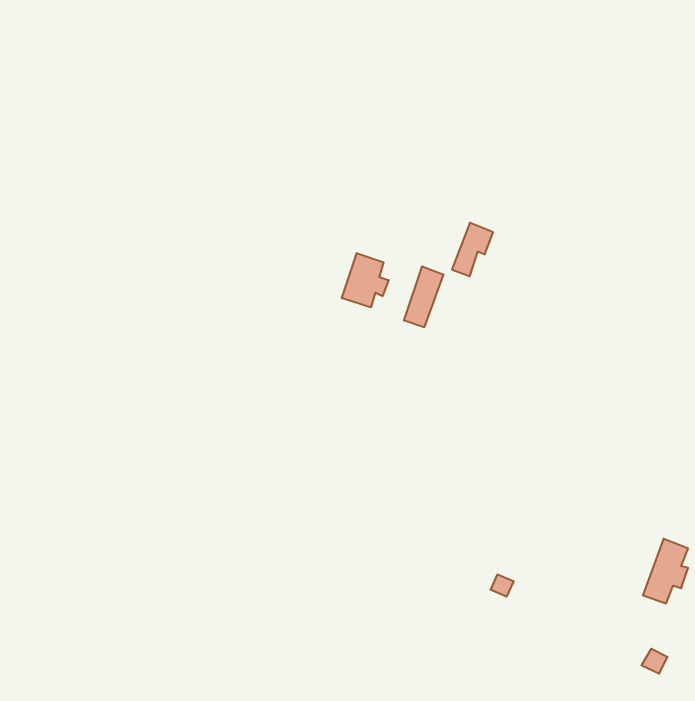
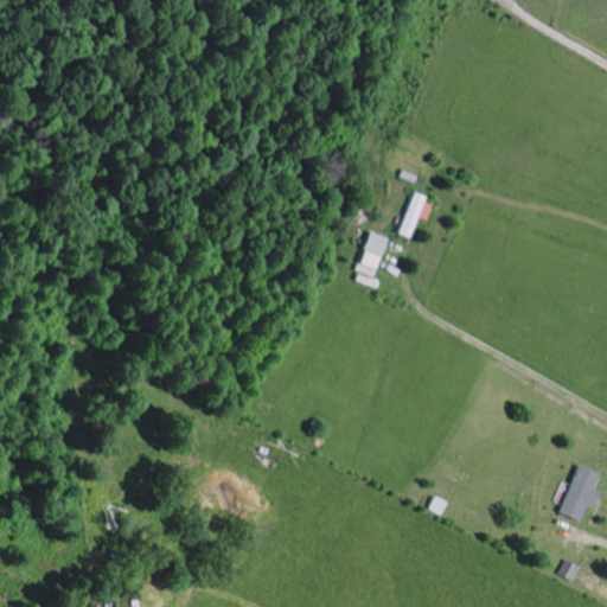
building: [342,253,389,307] -> none

